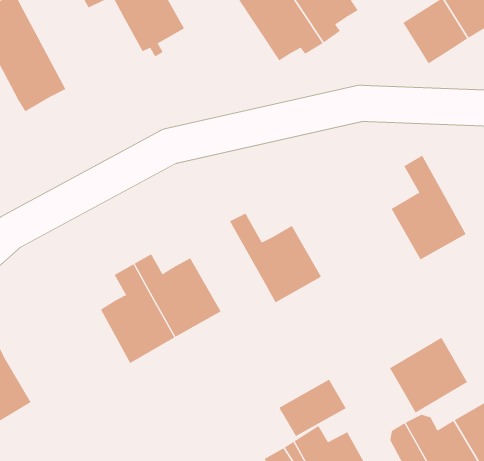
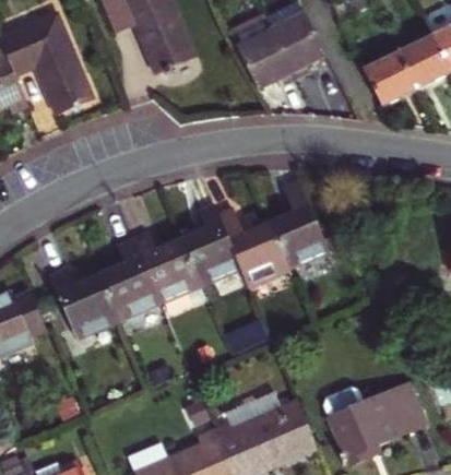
building: [391,155,467,260] -> [264,182,324,269]
building: none -> [177,202,237,288]
building: none -> [49,271,119,341]
building: [389,337,468,414] -> none
building: [279,379,346,437] -> none

